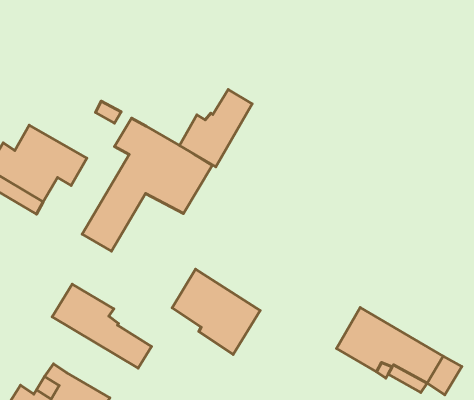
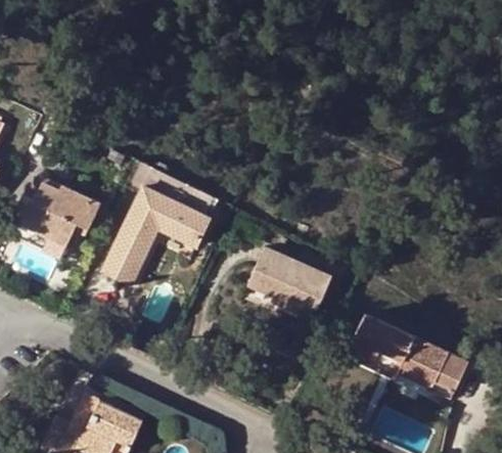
building: [179,90,252,167] -> none
building: [172,269,260,354] -> [249,250,331,325]
building: [52,284,151,368] -> none

